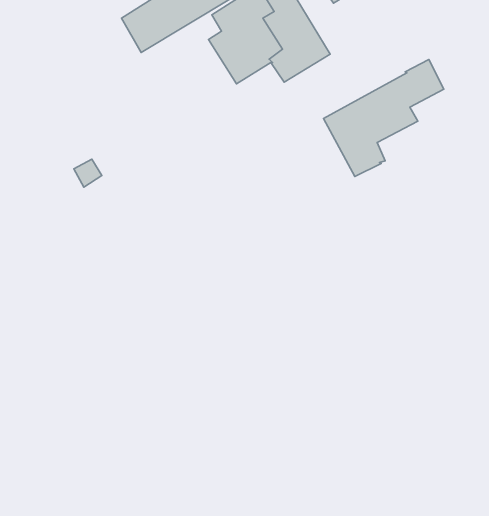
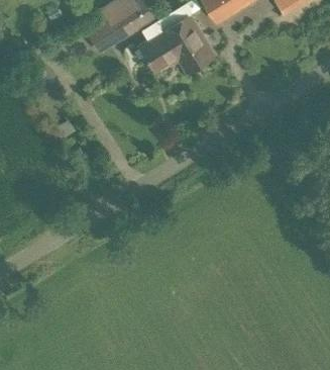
building: [323,60,444,176] -> none

